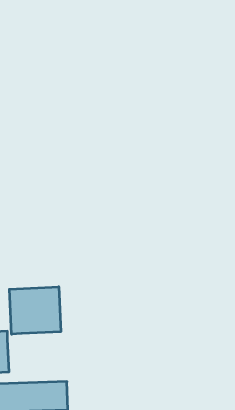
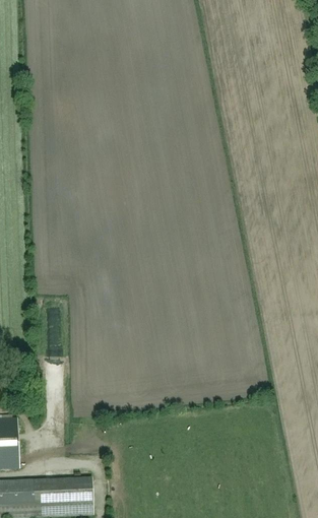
building: [9,287,61,334] -> none

